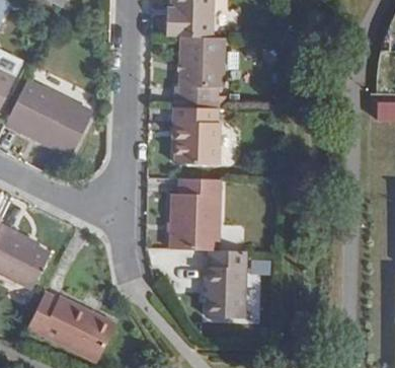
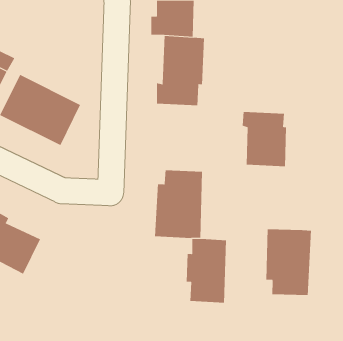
building: [171,111,219,169] -> [242,111,287,167]
building: none -> [266,228,311,296]
building: [29,289,117,358] -> none

